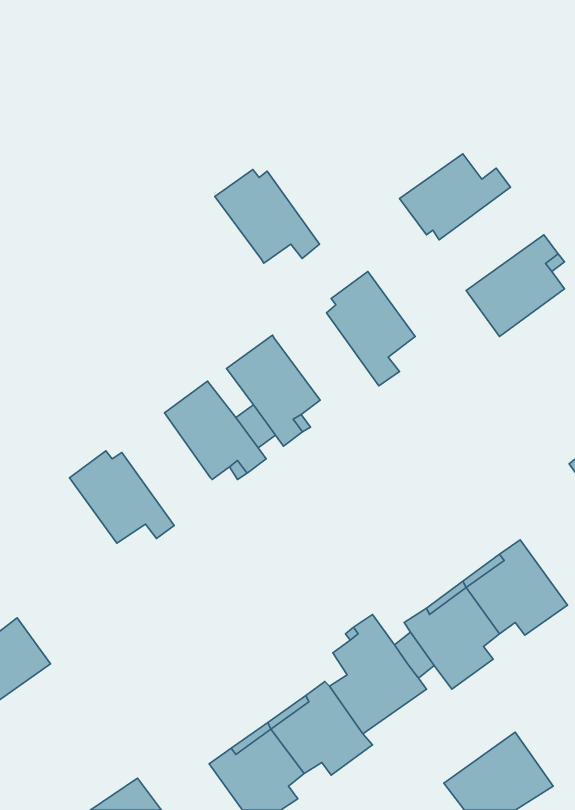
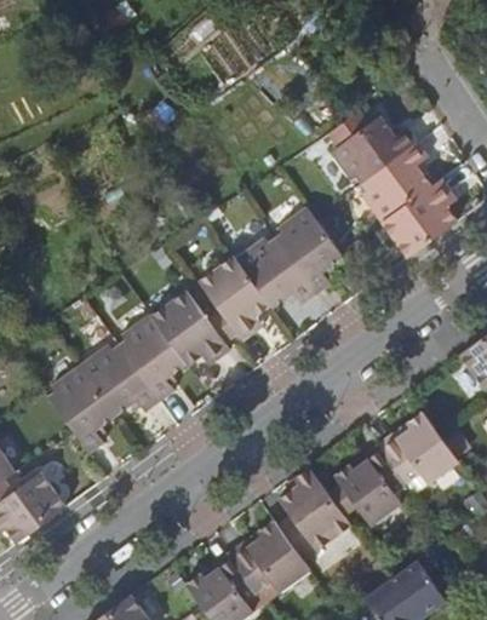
building: [215,170,320,263] -> [235,237,315,309]
building: none -> [361,143,429,222]
building: none -> [119,314,187,401]
building: none -> [47,364,115,452]

